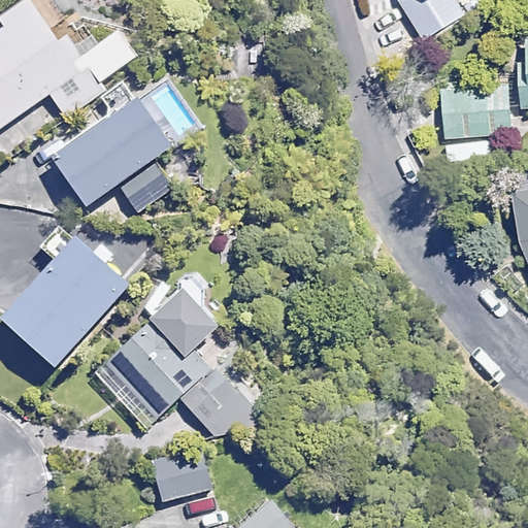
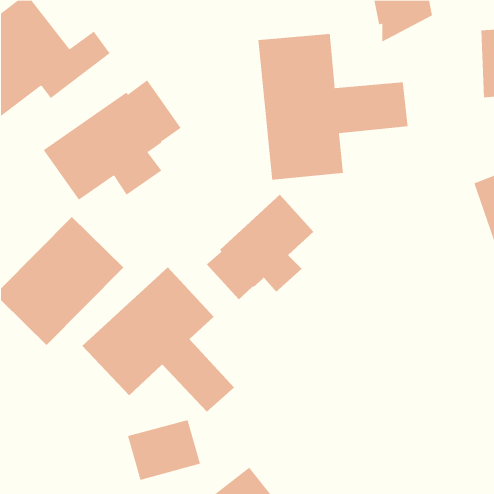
building: none -> [258,33,408,180]
building: [440,81,507,143] -> none
building: none -> [206,194,314,300]

